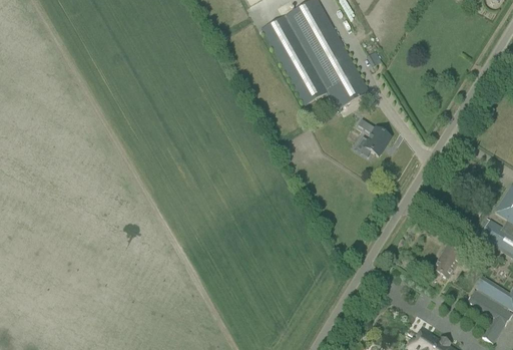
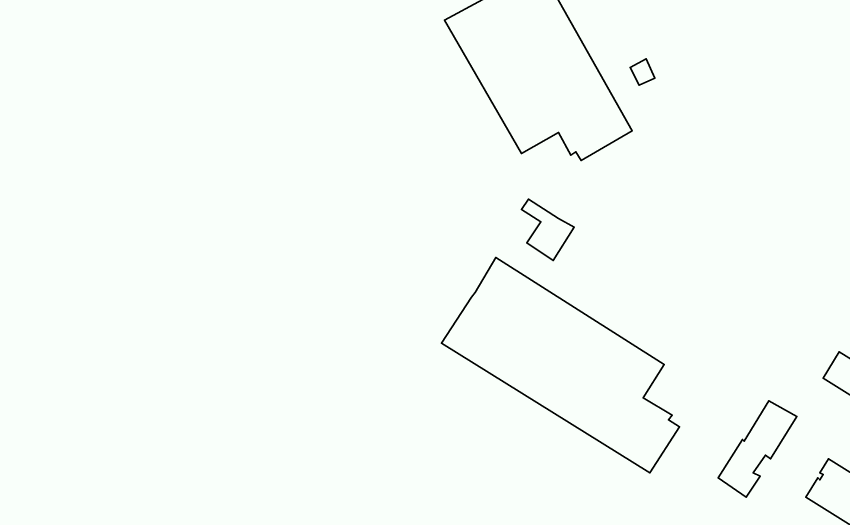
building: [361,119,391,154] -> [522,199,574,260]
building: none -> [442,257,680,473]

